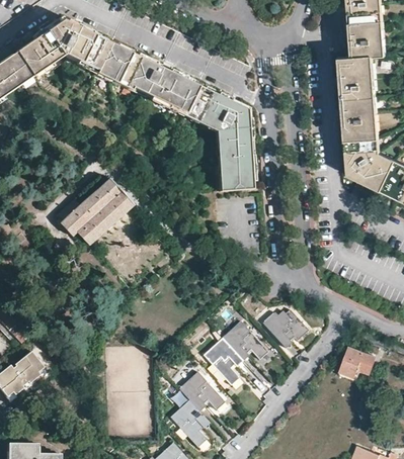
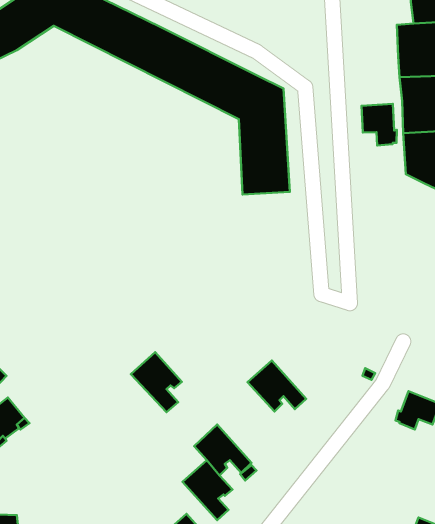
building: none -> [361,104,397,146]
building: [55,179,132,245] -> none
building: [261,309,308,349] -> none
building: [201,339,242,386] -> [131,352,182,412]

